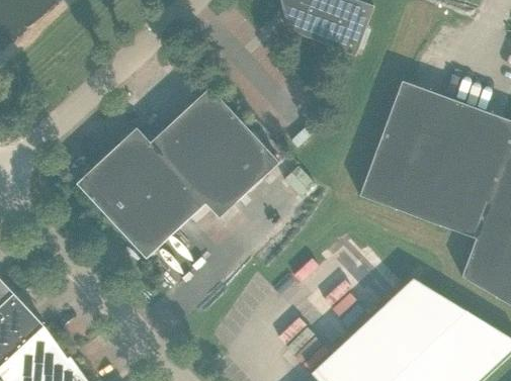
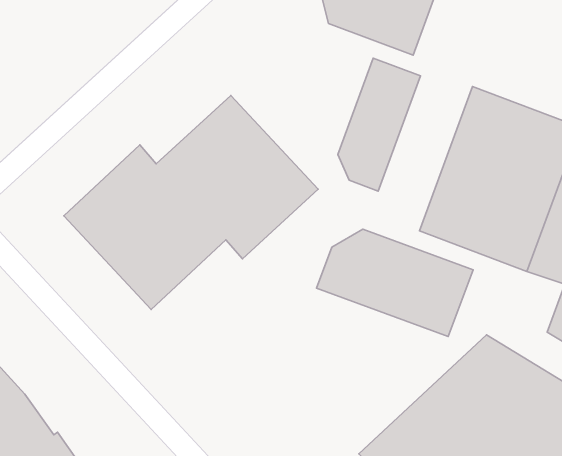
building: none -> [338,58,421,191]
building: none -> [316,229,473,336]

